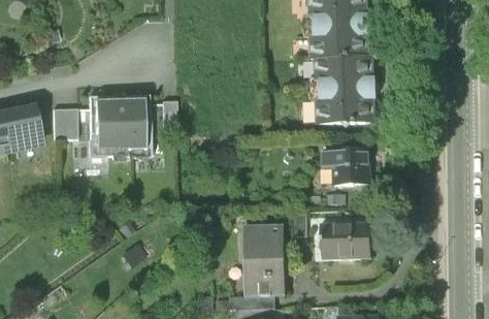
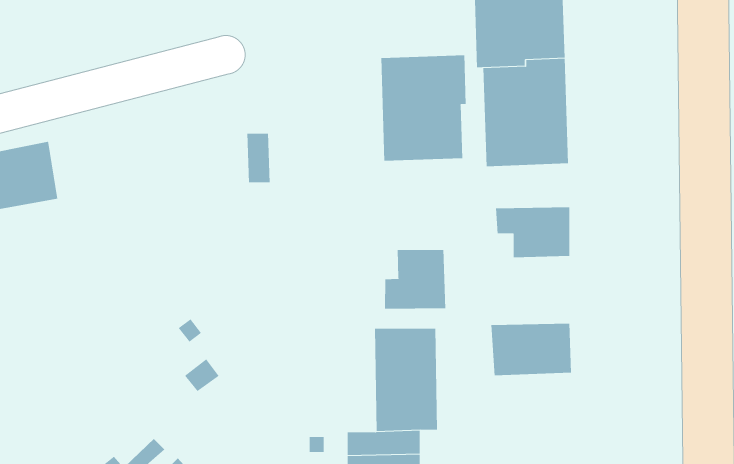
building: none -> [381,54,466,162]
building: [88,93,150,157] -> none
building: [52,109,76,140] -> none
building: none -> [385,249,446,310]

